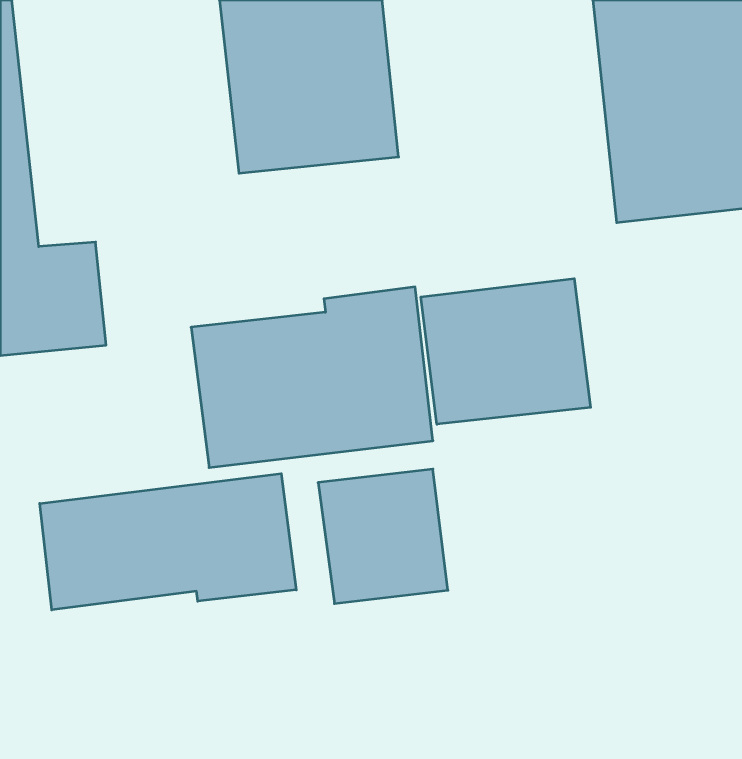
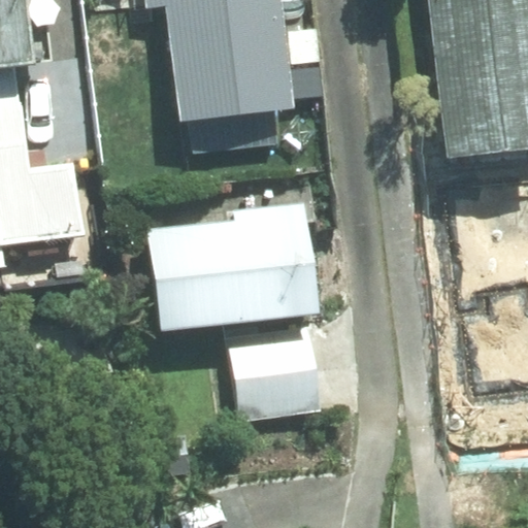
building: [421,279,591,424] -> none
building: [40,474,296,610] -> none

